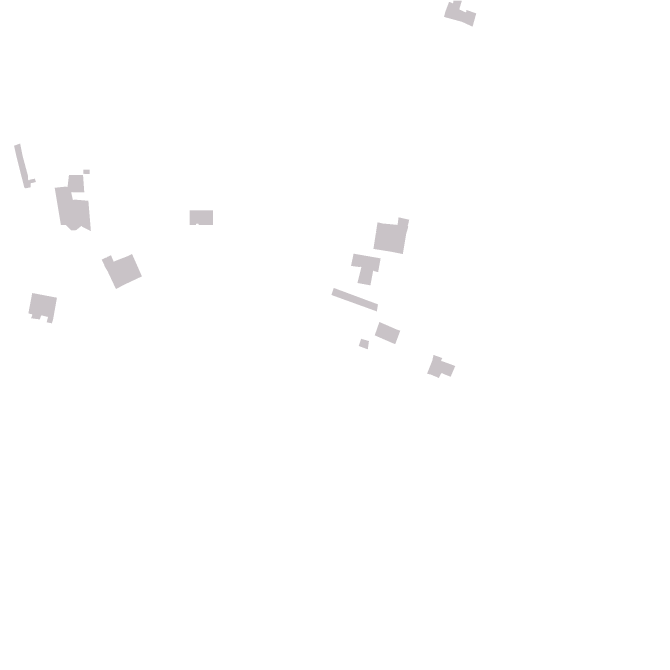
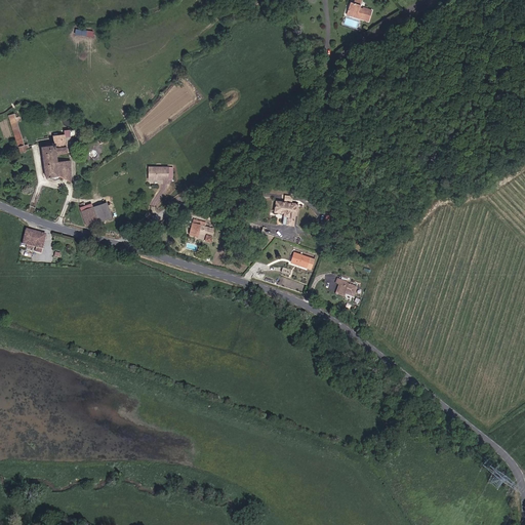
building: [373,217,410,255] -> none
building: none -> [187,217,214,244]

